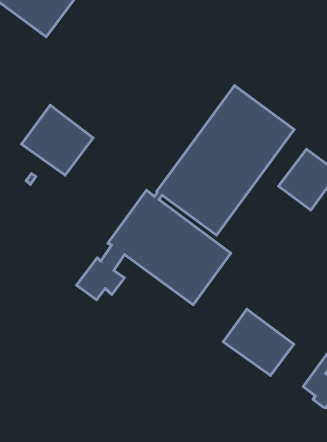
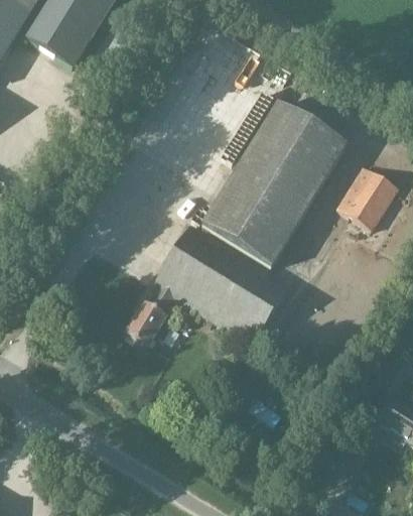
building: [22,105,93,175] -> none
building: [223,309,294,376] -> none

